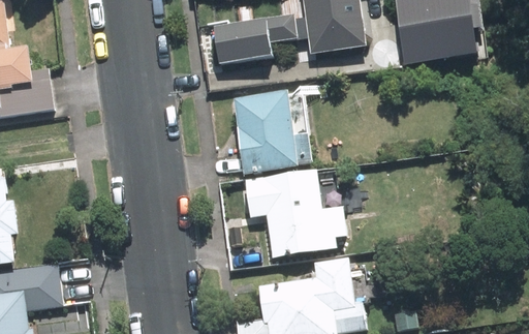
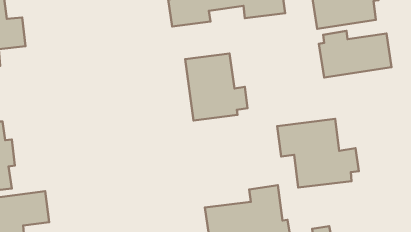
building: none -> [319,31,392,78]
building: [246,172,349,259] -> [277,119,359,188]

